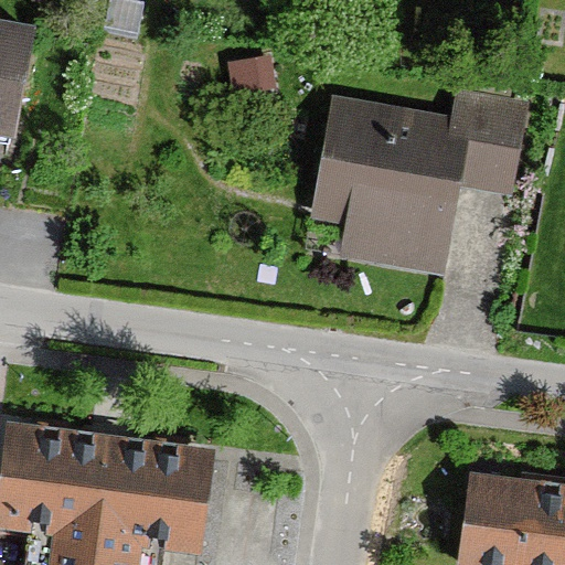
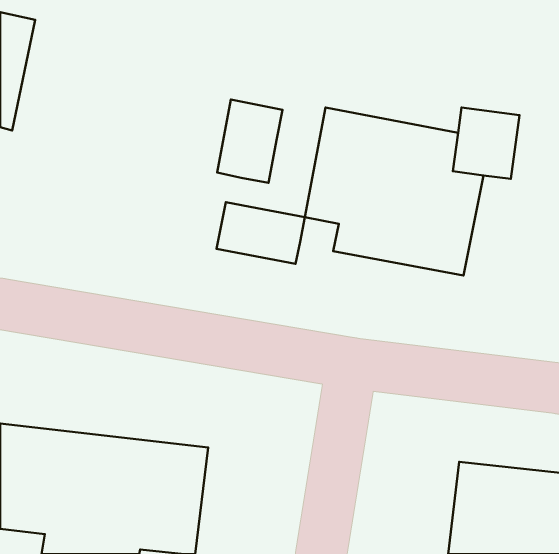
building: none -> [217,99,283,183]
building: none -> [217,202,305,264]

